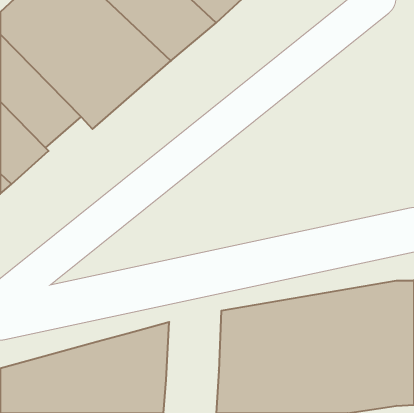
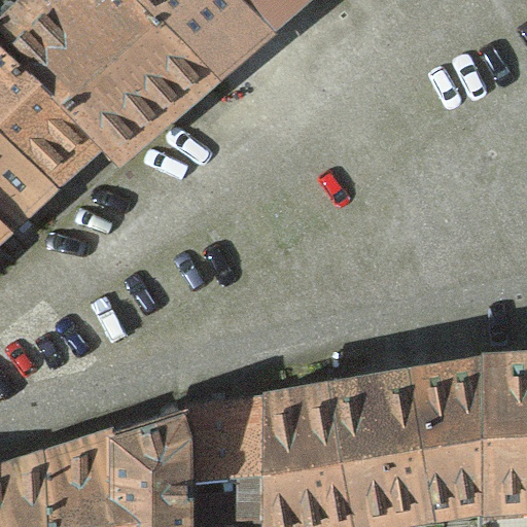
building: none -> [211,394,281,482]

